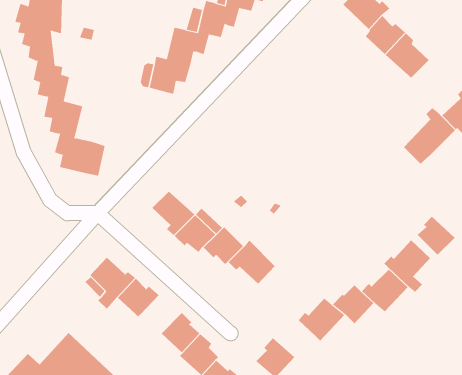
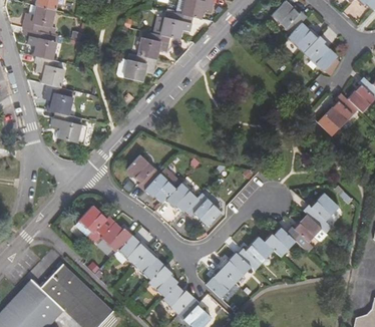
building: [417,216,456,256] -> none
building: none -> [117,235,148,264]
building: none -> [218,253,250,282]

